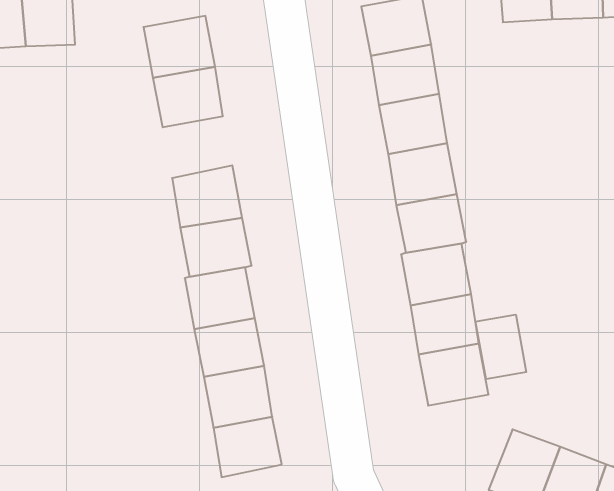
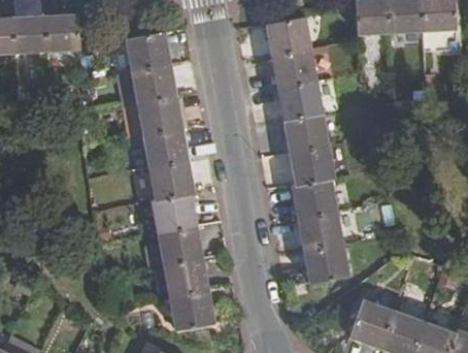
building: none -> [137,96,182,136]
building: [475,315,526,379] -> none

